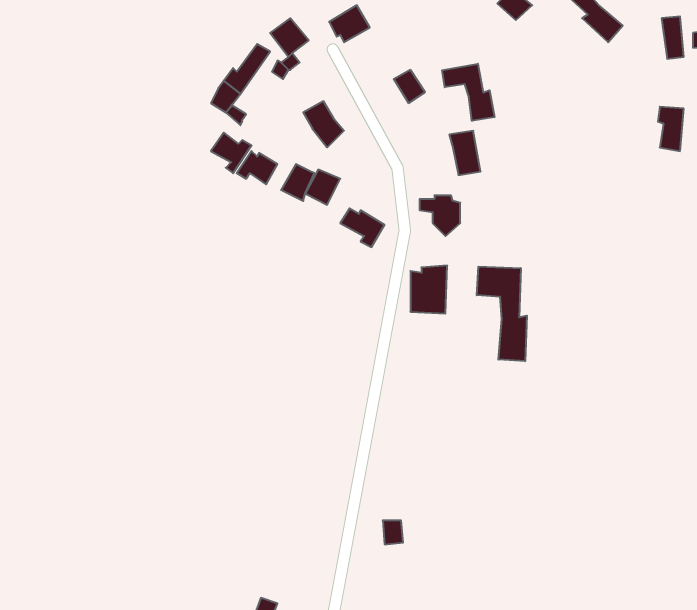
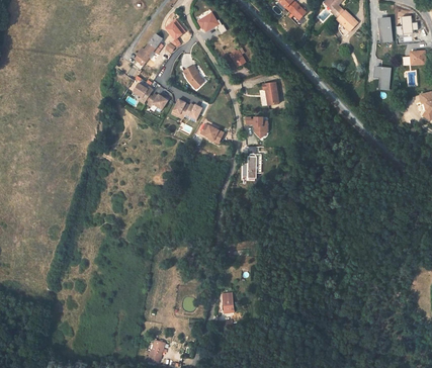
building: [442,64,494,121] -> none
building: [477,267,527,361] -> none

